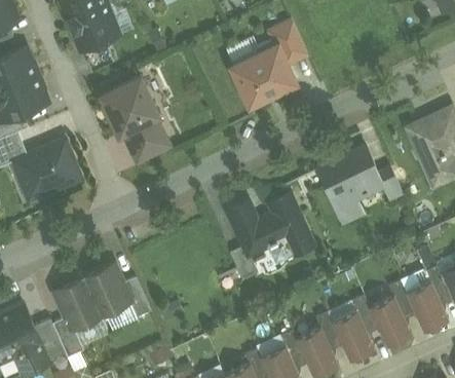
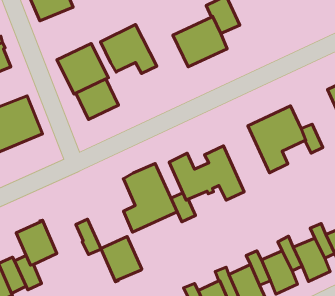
building: none -> [100,24,157,73]
building: none -> [123,163,177,232]
building: [84,264,130,315] -> [101,237,142,282]

